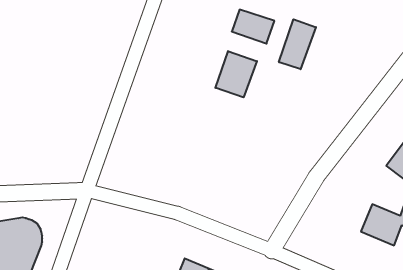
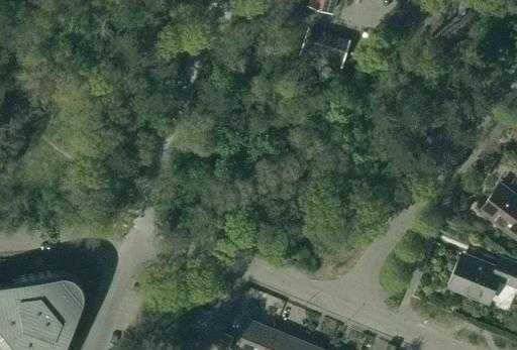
building: [279,19,316,69] -> none
building: [215,51,257,97] -> none

